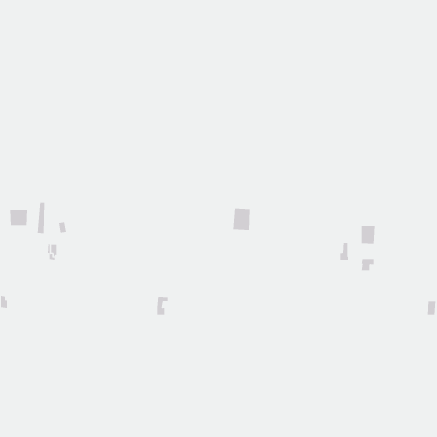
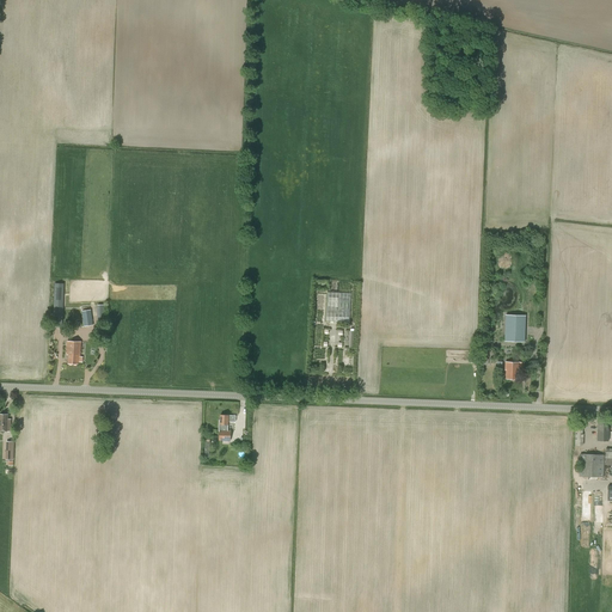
building: [10,209,27,226] -> none
building: none -> [579,453,605,476]

